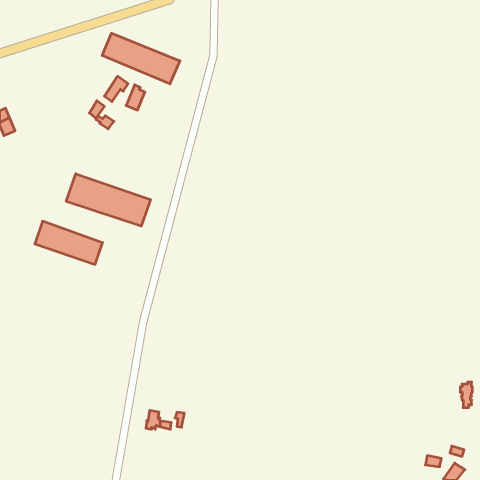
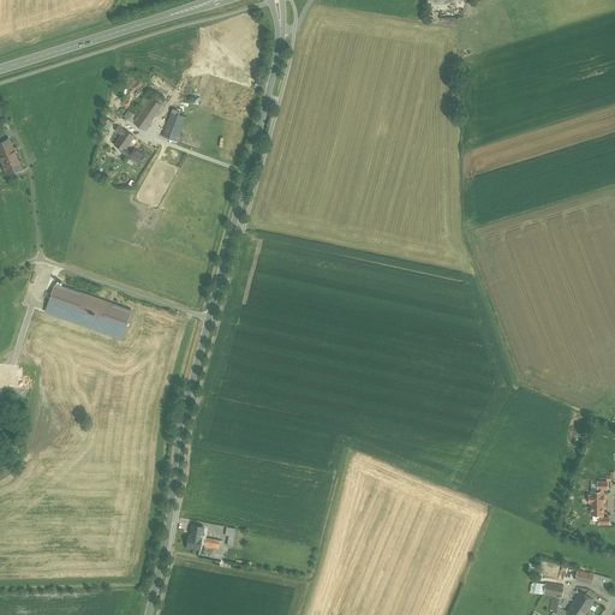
building: [102,33,180,84] -> none
building: [66,174,150,226] -> none

